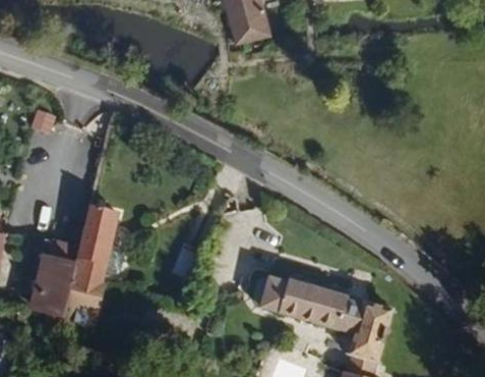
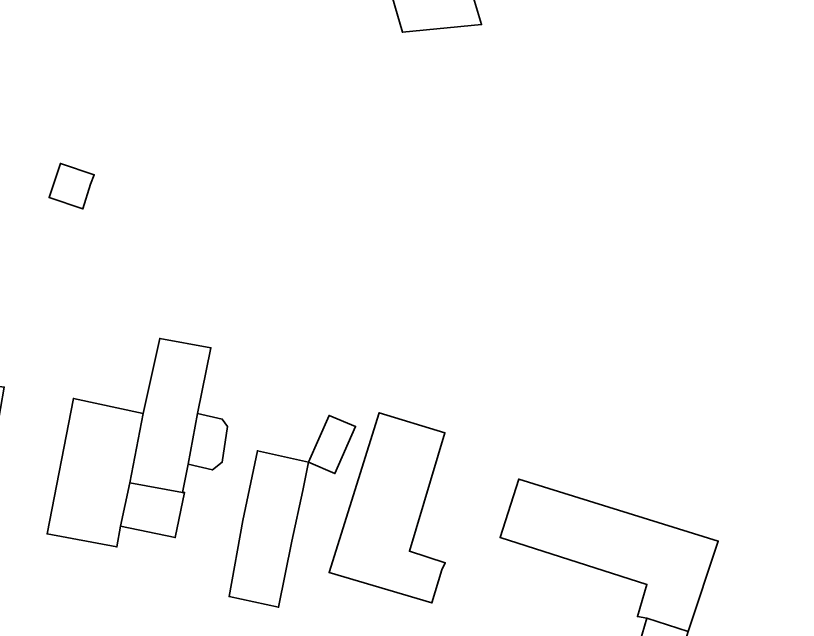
building: none -> [329,413,445,603]
building: none -> [229,451,308,607]

